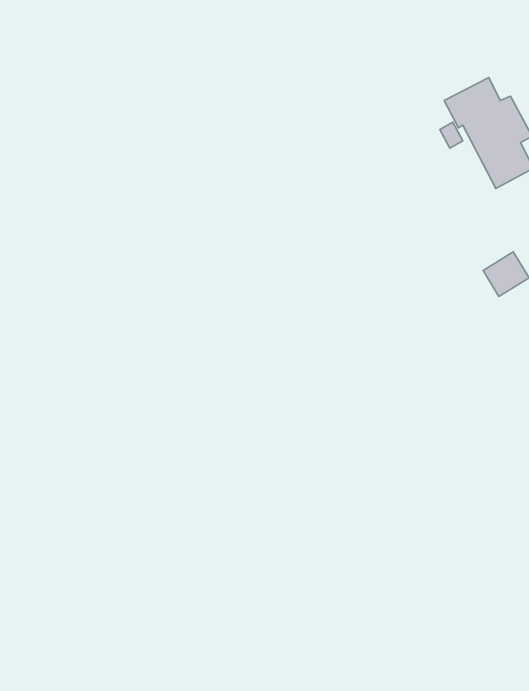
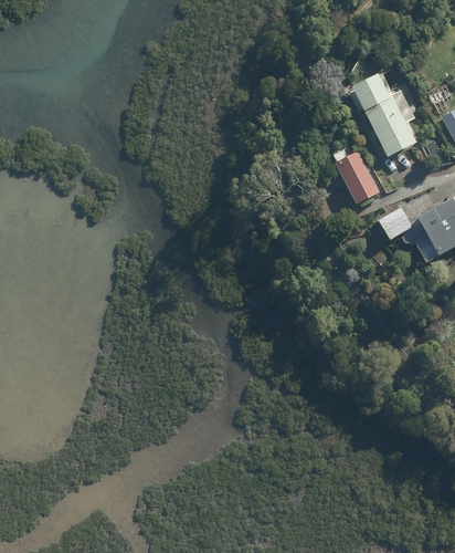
building: none -> [329,150,378,205]

